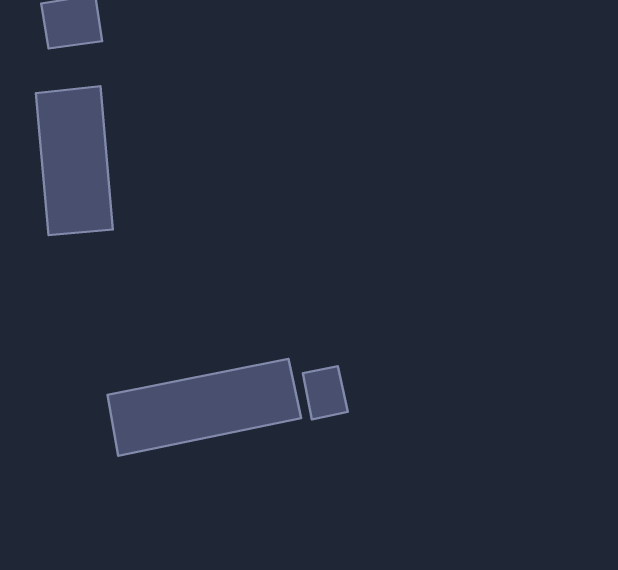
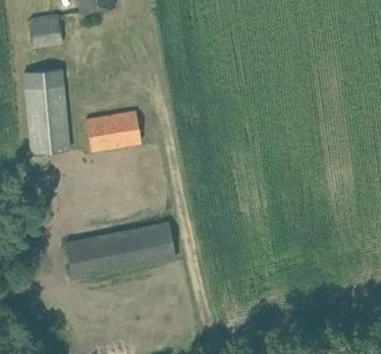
building: none -> [86,111,141,150]
building: [303,366,348,419] -> none

